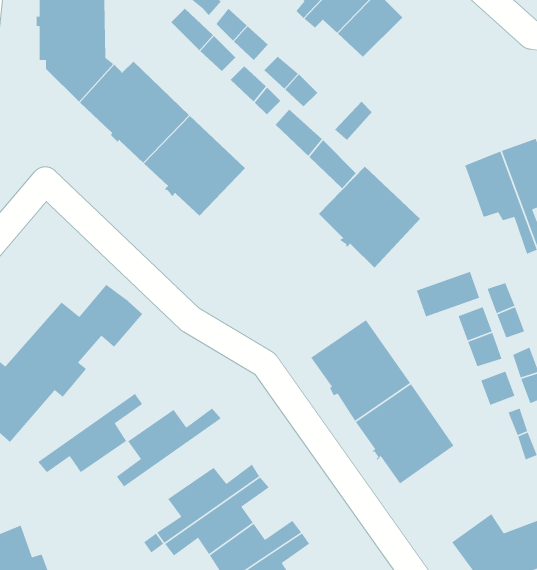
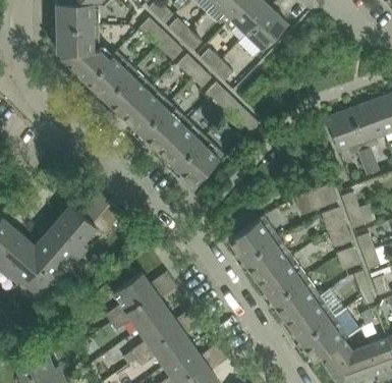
building: [318,166,421,268] -> [158,120,223,185]
building: [37,393,143,473] -> [110,279,177,330]
building: none -> [285,296,358,361]

